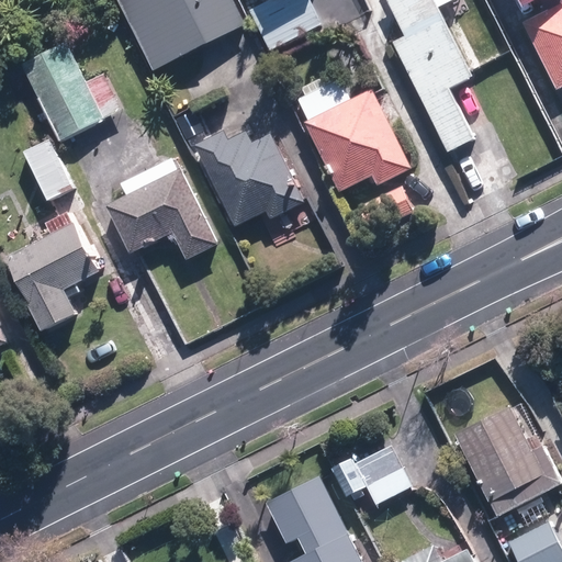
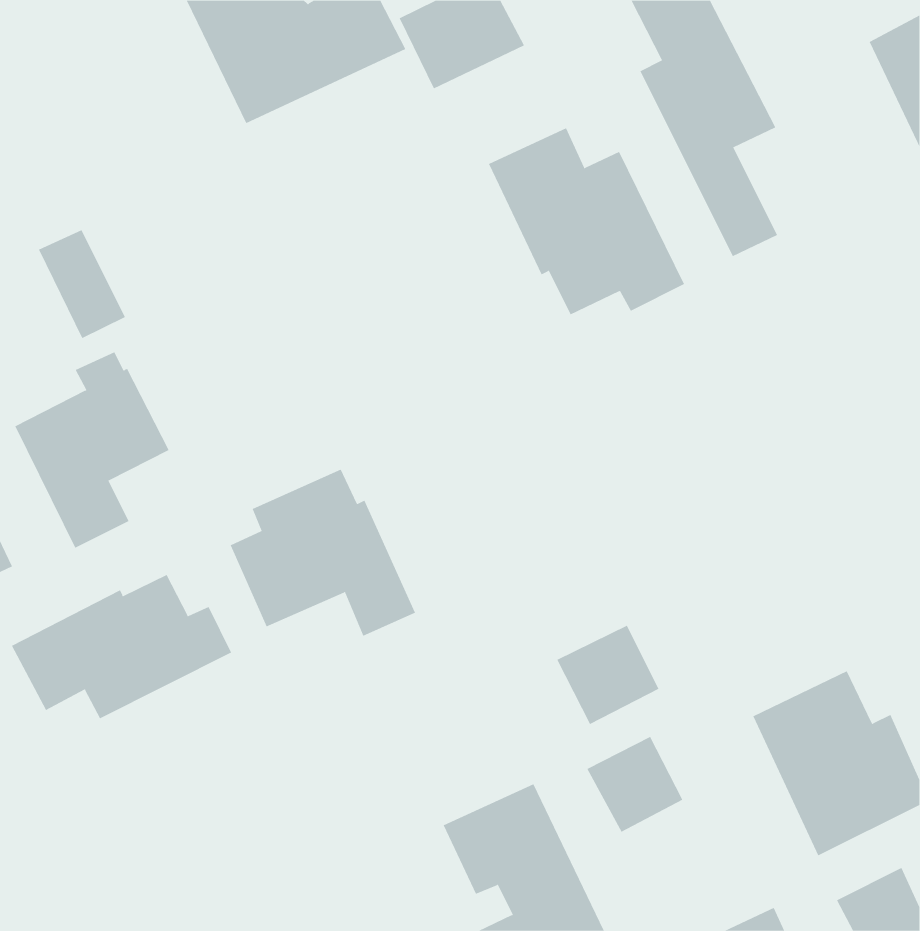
building: [19,41,120,142] -> none
building: [195,130,305,227] -> none
building: [106,158,218,259] -> [230,469,416,636]
building: none -> [11,574,232,719]
building: none -> [556,625,659,725]

